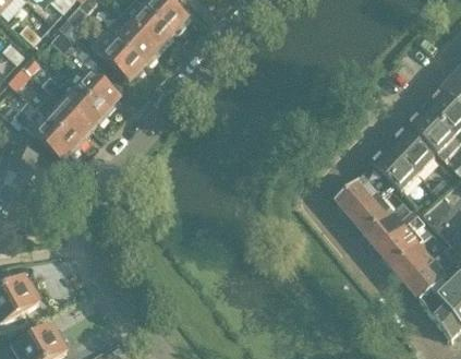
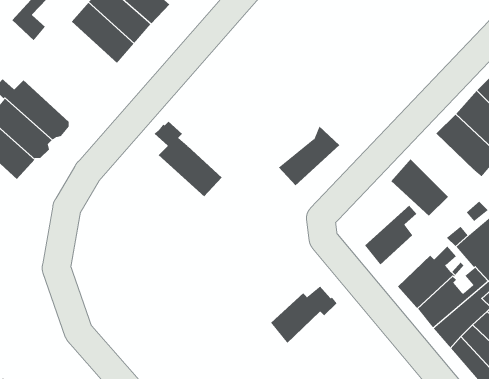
building: [92,31,145,82] -> none
building: [64,50,121,113] -> [154,121,223,197]
building: [387,128,435,176] -> none
building: [335,166,386,216] -> [278,125,340,186]
building: [362,202,417,250] -> [270,286,337,344]

